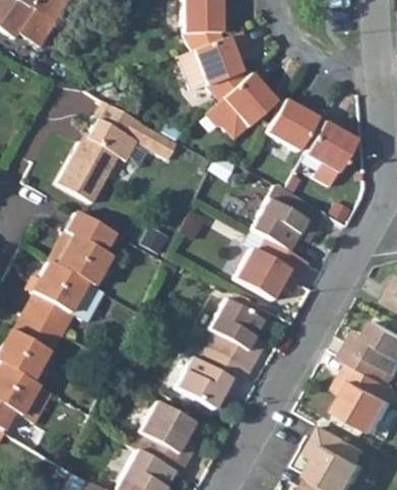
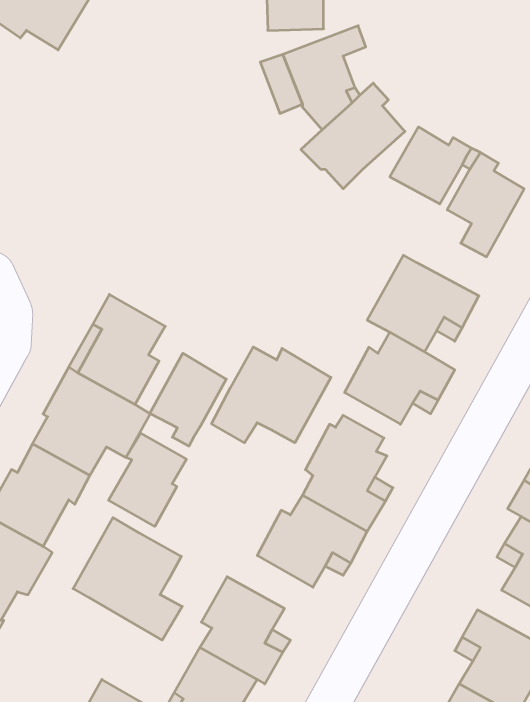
building: [56,102,178,204] -> none
building: none -> [212,347,331,443]
building: none -> [150,353,226,446]
building: none -> [109,433,186,526]
building: none -> [73,518,182,640]

